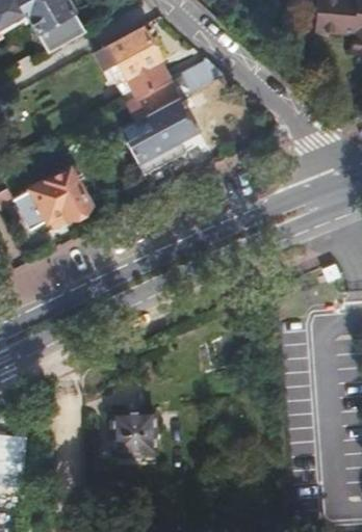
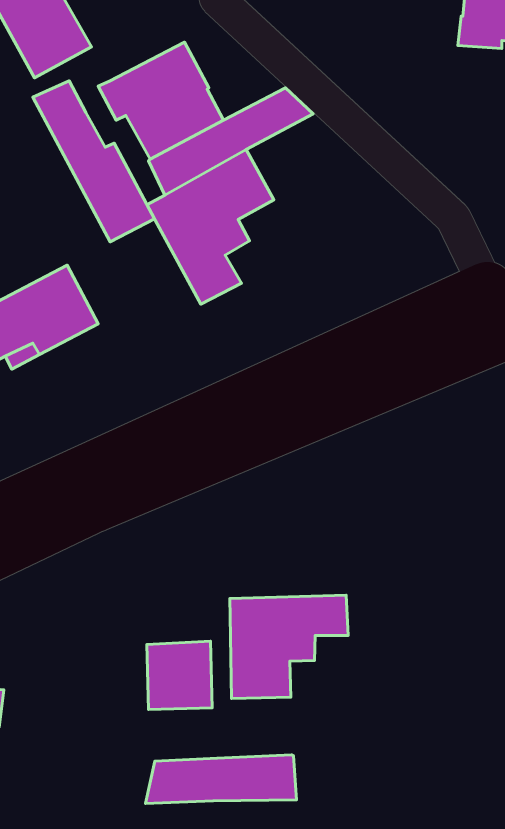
building: none -> [33,81,154,242]
building: none -> [230,595,348,699]
building: none -> [146,755,296,803]

